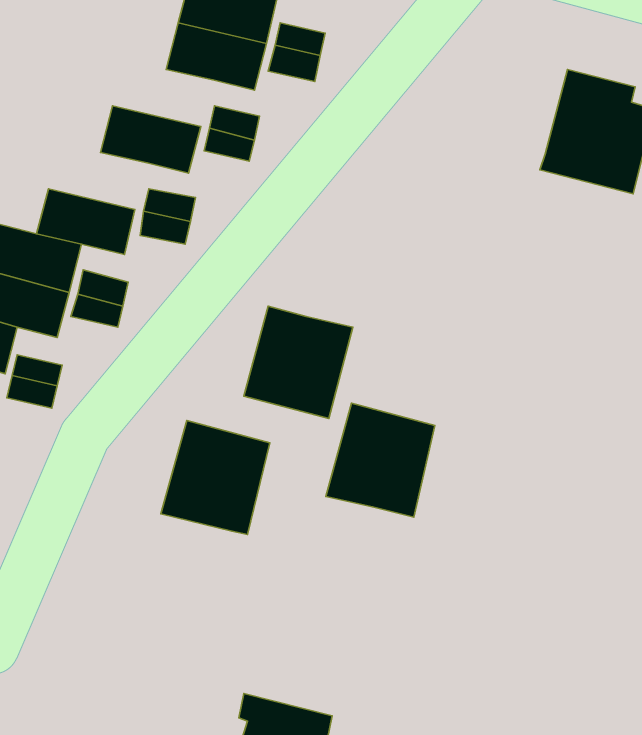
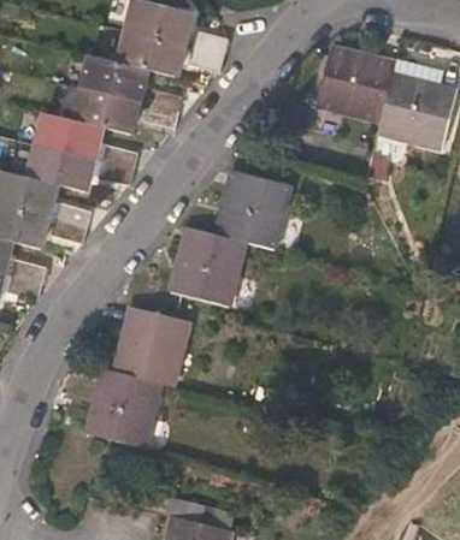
building: none -> [317,46,396,121]
building: none -> [79,55,149,102]
building: none -> [35,113,104,160]
building: [326,403,435,517] -> [214,170,290,249]
building: none -> [85,368,163,447]

